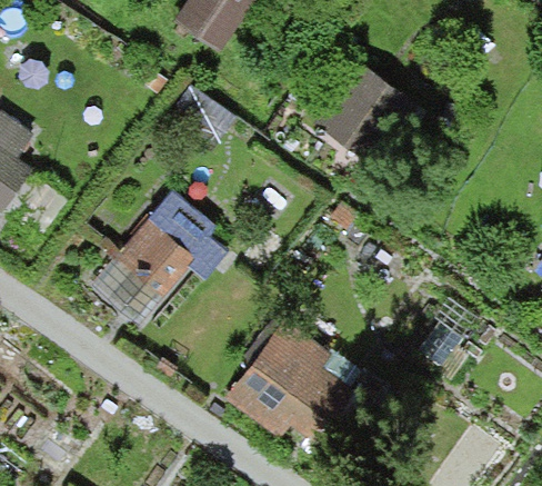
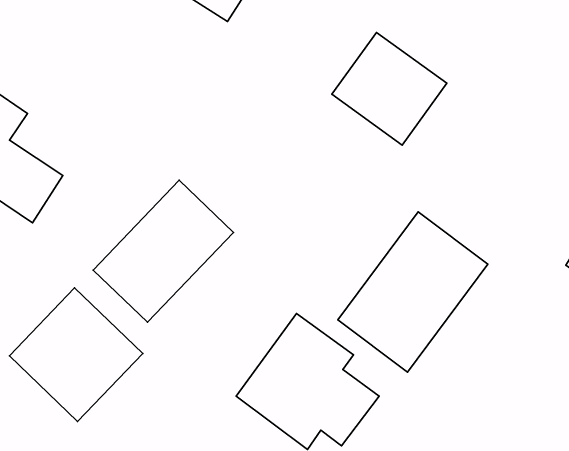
building: none -> [338,212,488,372]
building: none -> [9,288,143,422]

